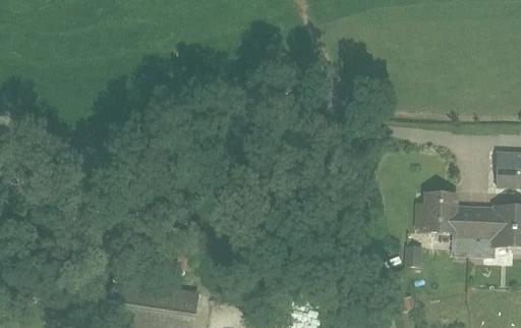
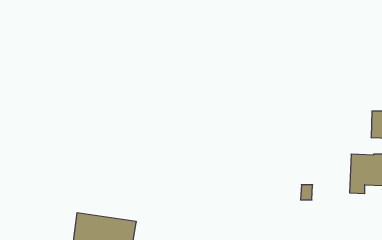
building: [416,192,470,255] -> none

